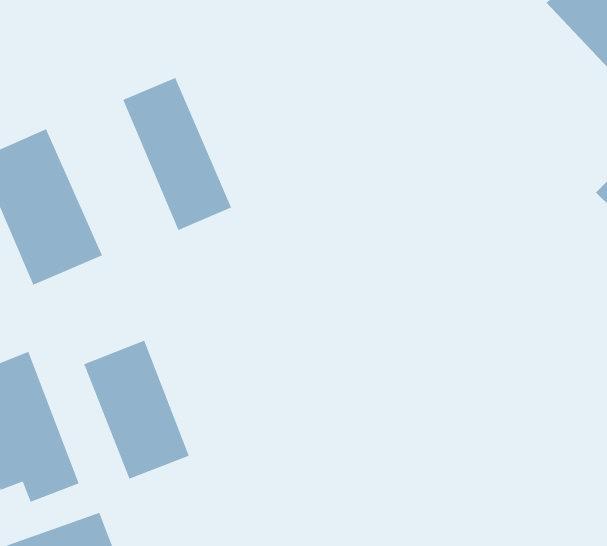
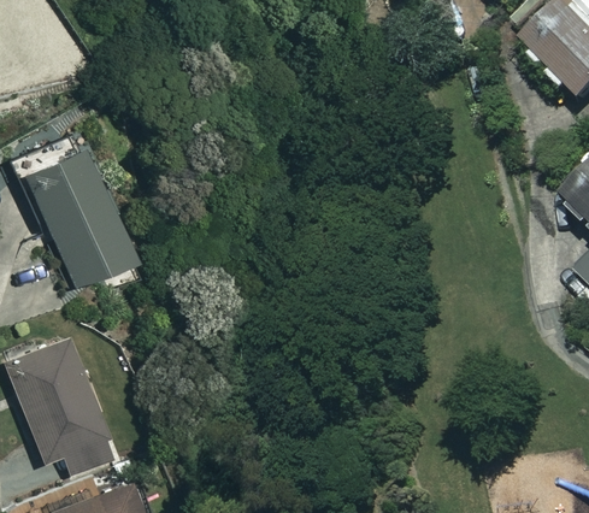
building: [122,77,232,231] -> none
building: [83,340,190,479] -> none

